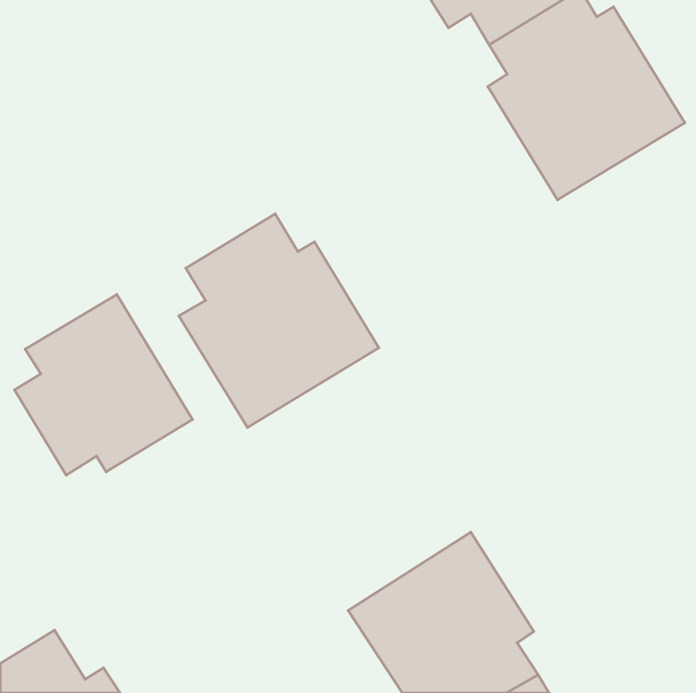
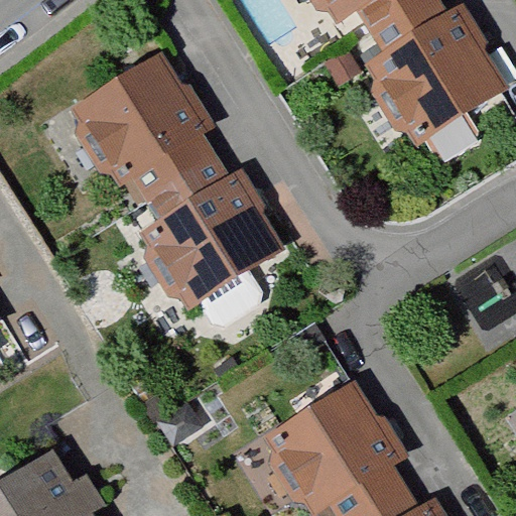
building: none -> [67,48,212,194]
building: [14,294,193,475] -> none

